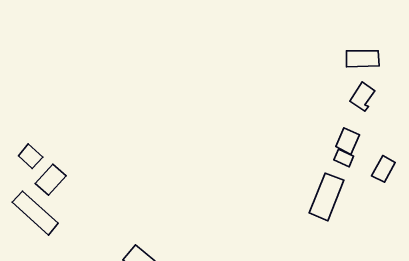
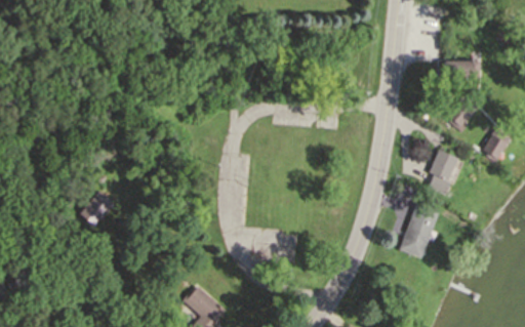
building: [19,144,43,169] -> none
building: [371,156,395,182] -> [481,131,509,162]
building: [12,191,58,235] -> none

